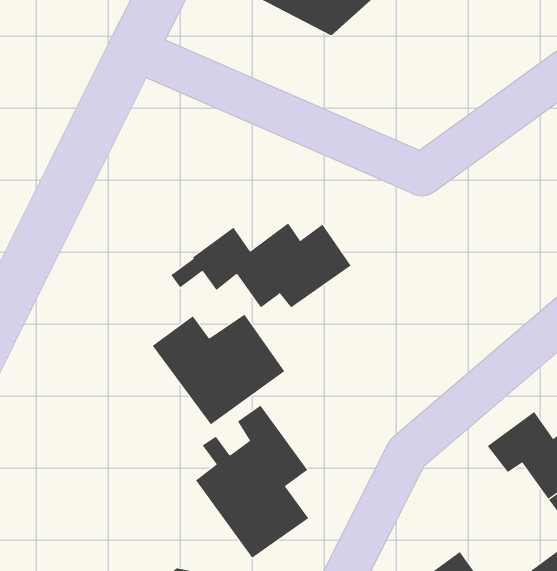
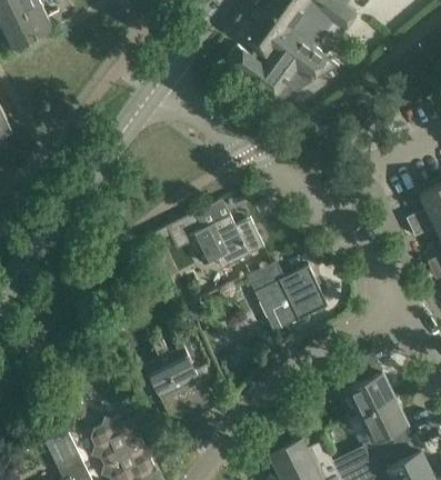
building: [152,314,285,425] -> [248,262,328,332]

